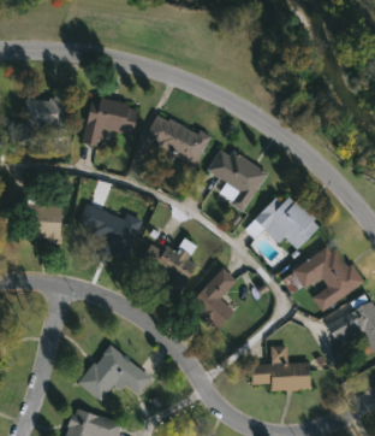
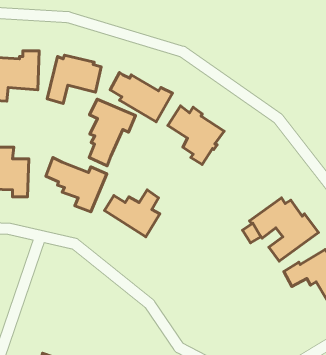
building: none -> [89,99,136,166]
building: [245,190,320,249] -> none
building: [190,267,236,328] -> none
building: [78,344,151,400] -> none
building: [252,344,314,390] -> none

